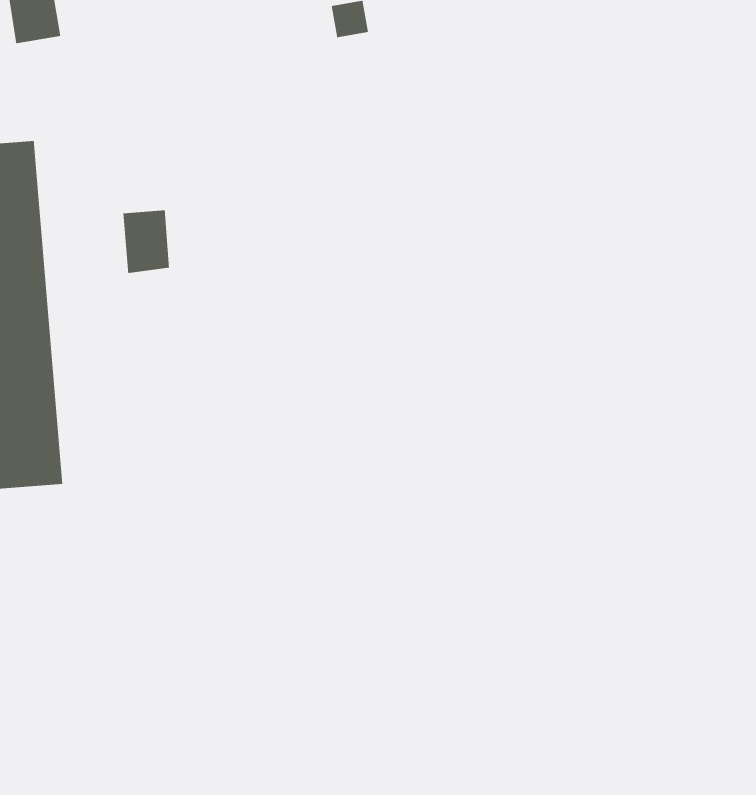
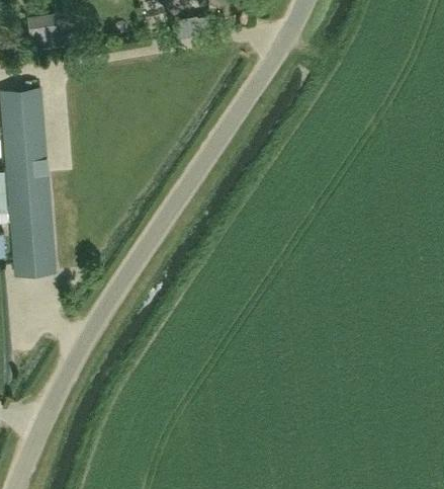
building: [123,210,170,274] -> none

